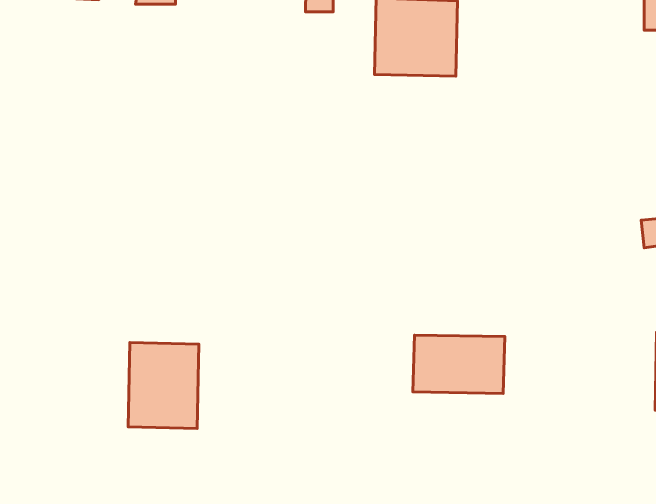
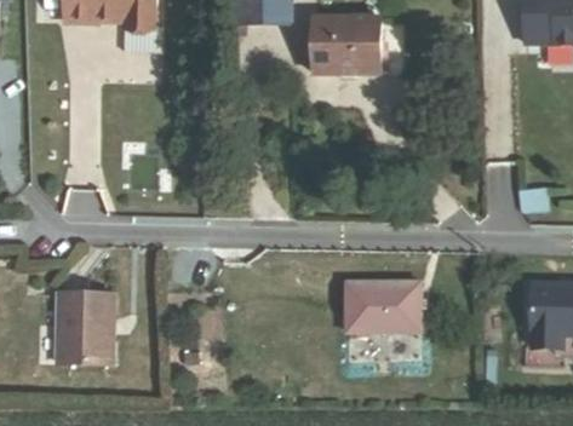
building: [128,343,199,428] -> [55,294,110,362]

